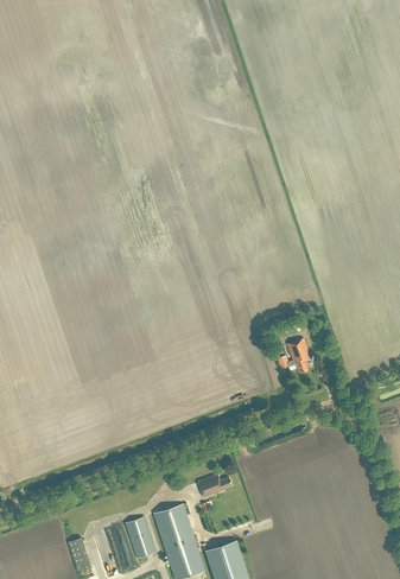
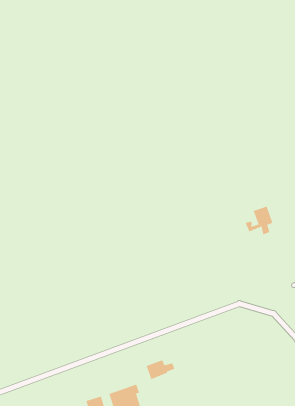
building: [278,339,311,374] -> [245,206,273,235]

